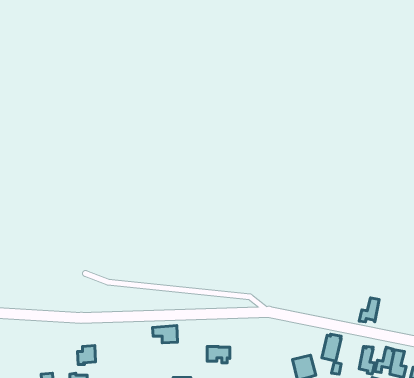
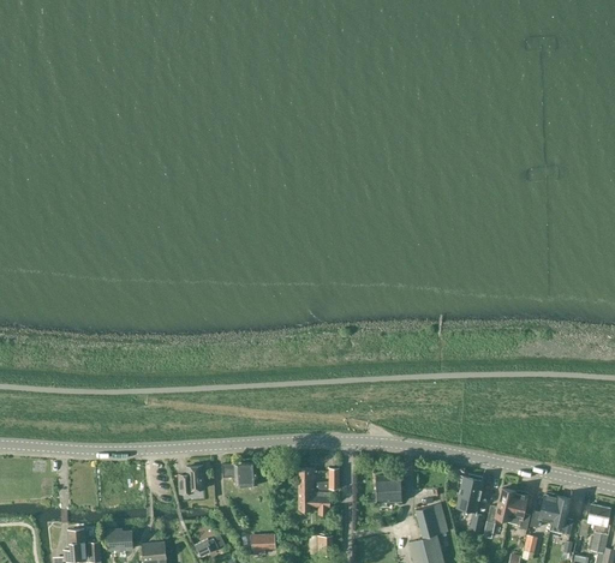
building: [359,298,379,322] -> [486,490,514,523]
building: none -> [298,468,339,492]
building: none -> [376,475,401,503]
building: [77,345,96,365] -> [179,467,204,493]

